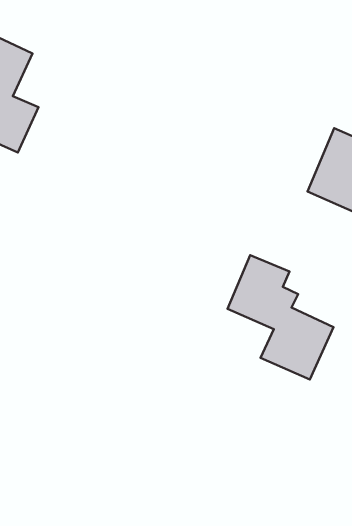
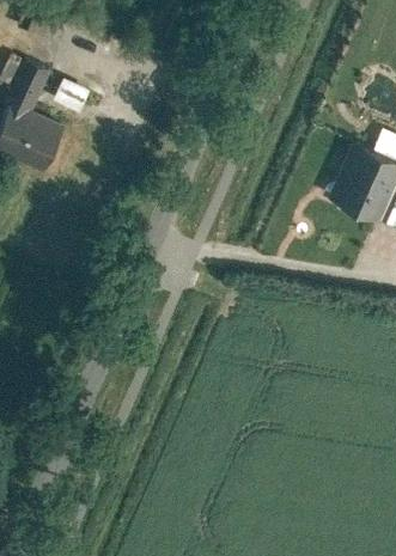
building: [227,255,333,380] -> none

